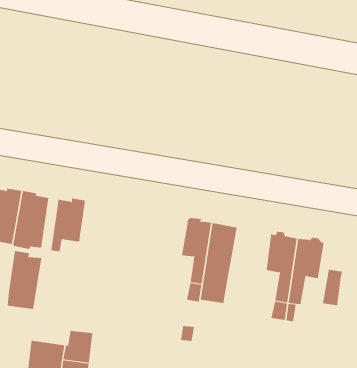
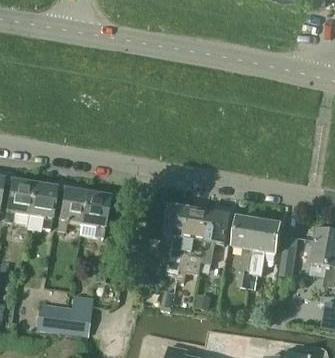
building: none -> [201,209,229,262]
building: [7,251,42,309] -> [80,188,109,236]

